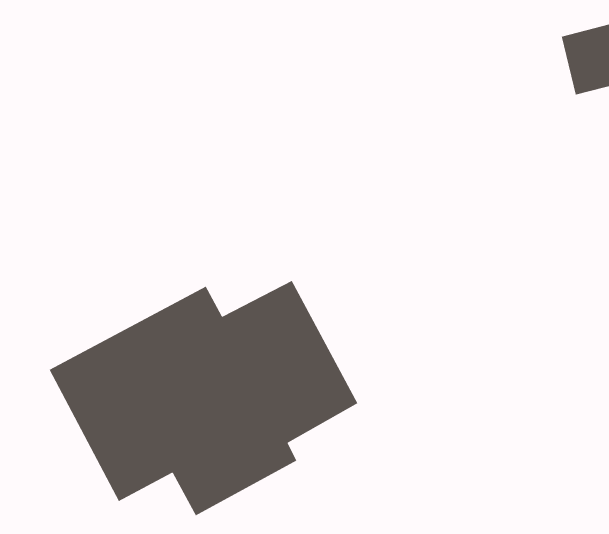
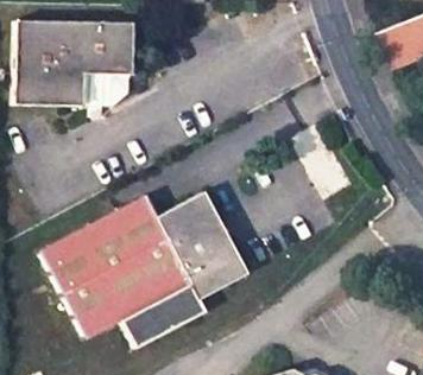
building: none -> [17,24,134,120]

